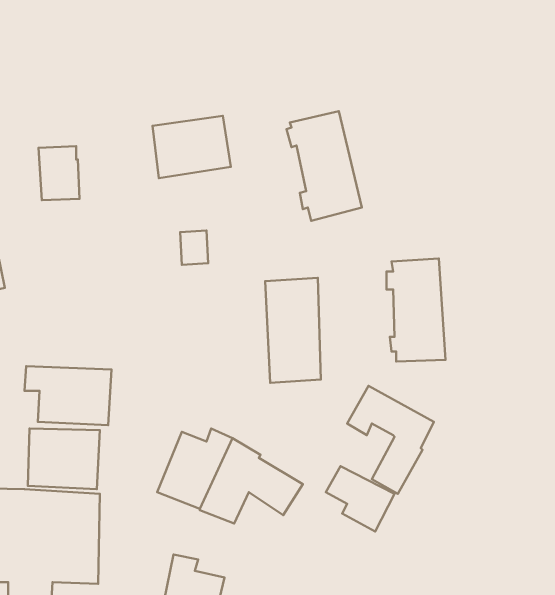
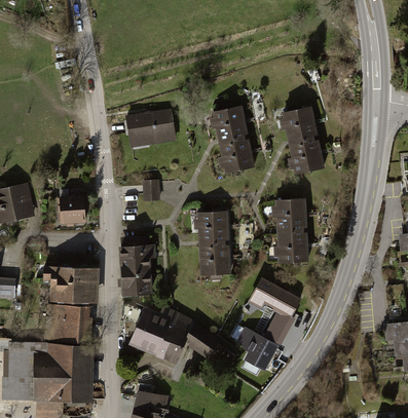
building: none -> [280,106,326,174]
building: [38,146,79,200] -> [59,189,84,223]
building: none -> [119,237,155,296]

